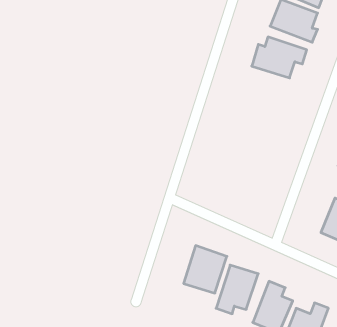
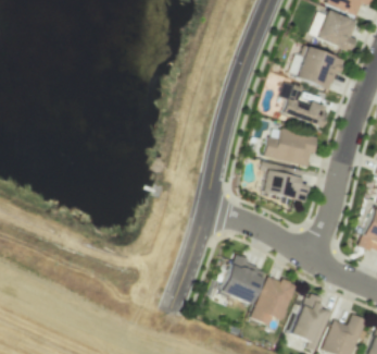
building: none -> [277,82,325,126]
building: none -> [265,127,317,167]
building: none -> [262,169,309,200]

